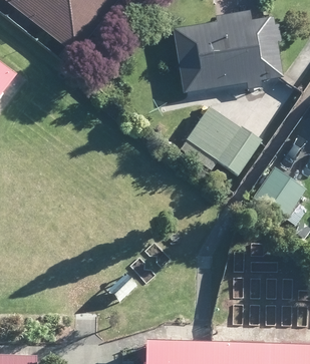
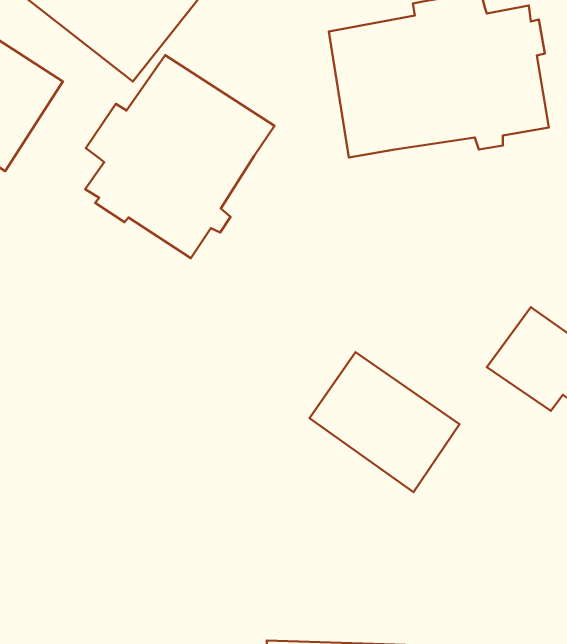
building: none -> [85,55,274,258]
building: [186,107,261,177] -> [309,352,459,492]

